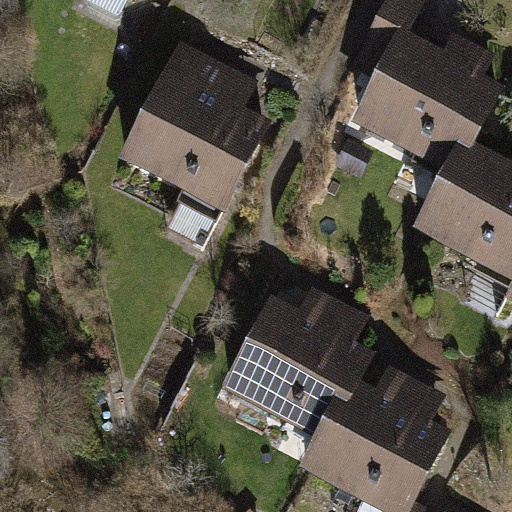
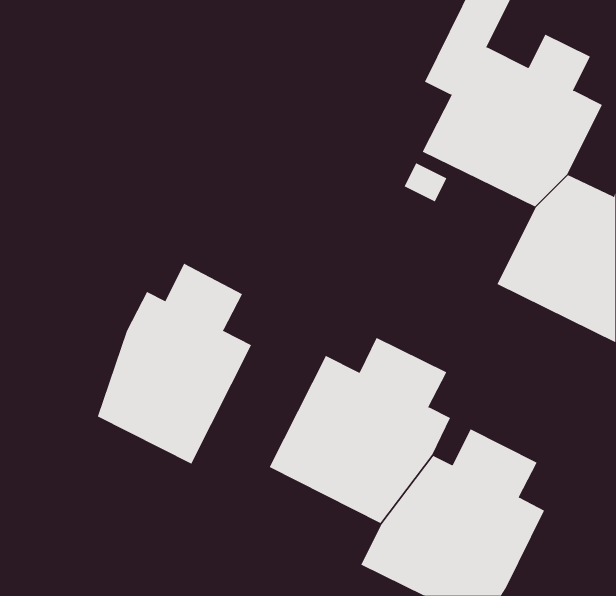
building: [119,35,272,209] -> none
building: none -> [97,263,252,464]

